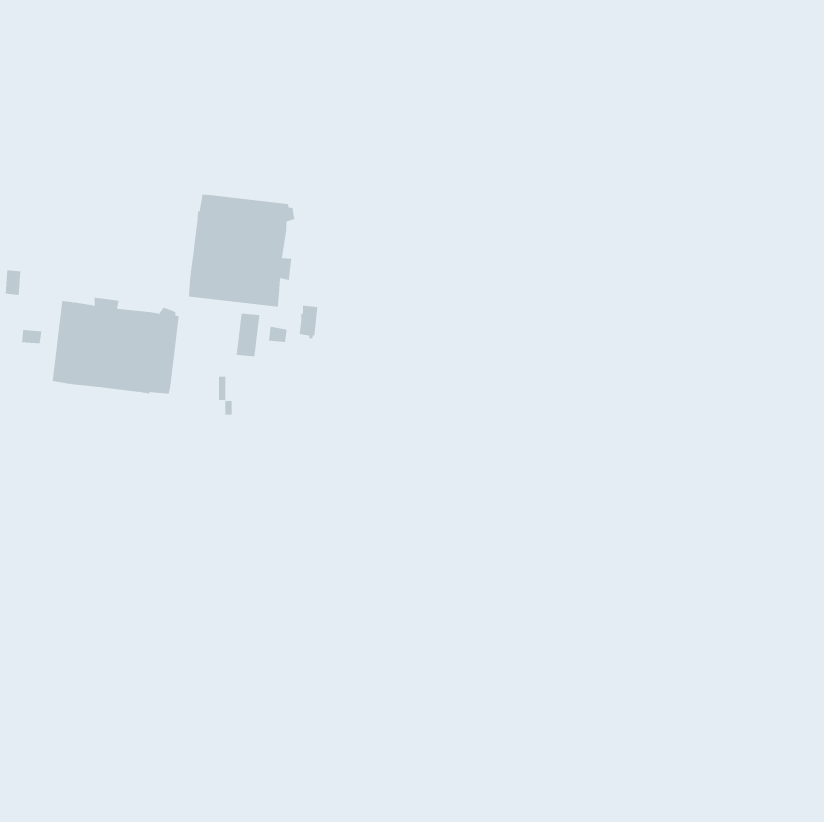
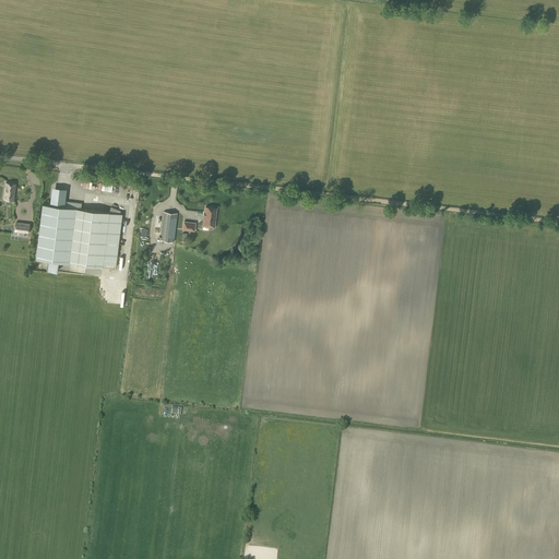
building: [189,194,295,308] -> none

